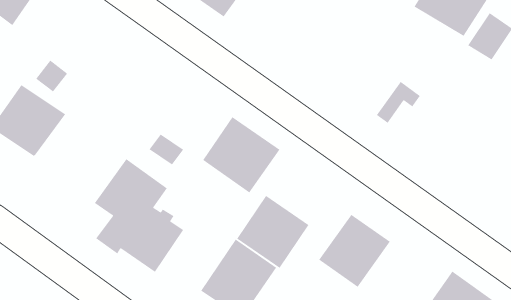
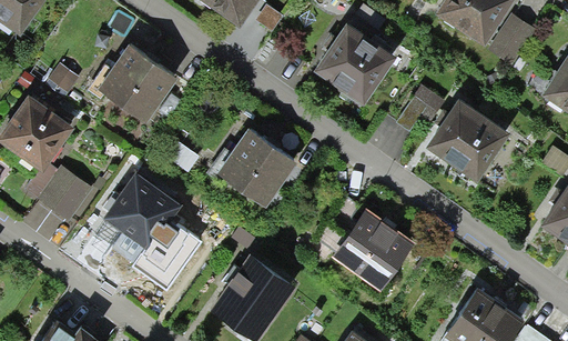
building: none -> [312,20,394,102]
building: none -> [98,40,178,120]
building: none -> [426,97,510,180]
building: none -> [24,164,92,222]
building: [236,195,310,269] -> none

